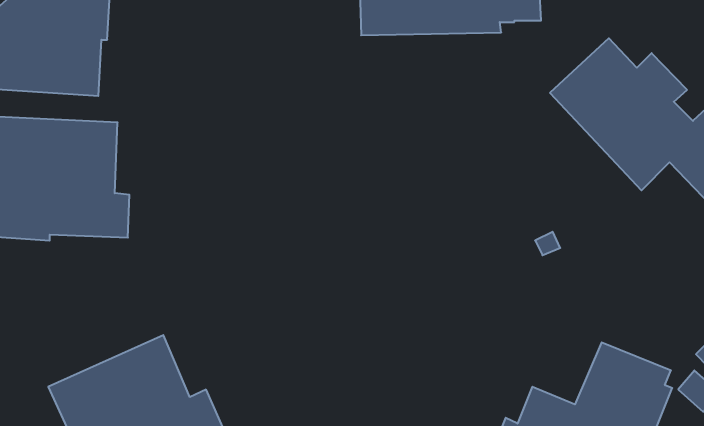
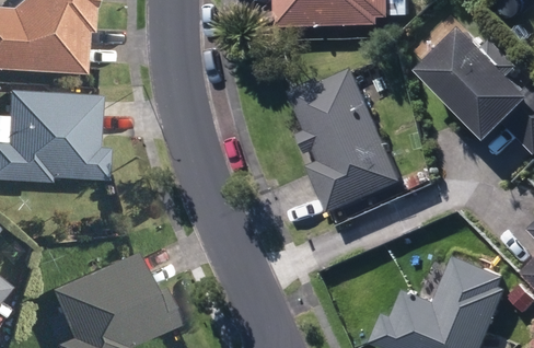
building: none -> [288,68,400,213]

